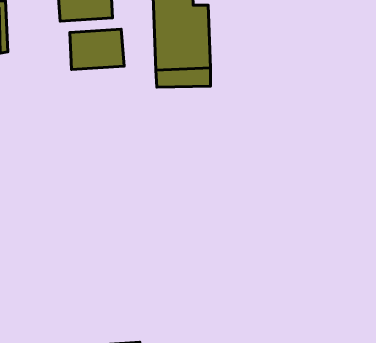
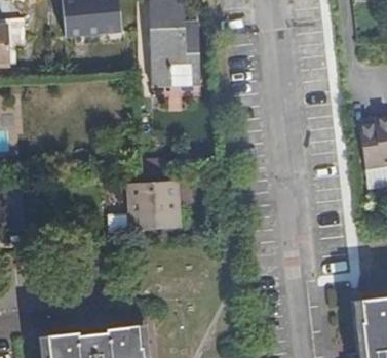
building: [70,29,124,70] -> none
building: none -> [127,185,181,234]

